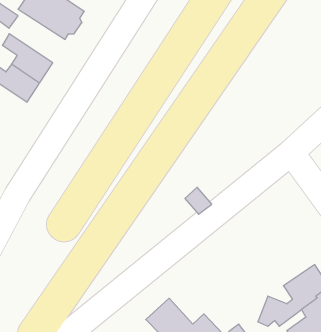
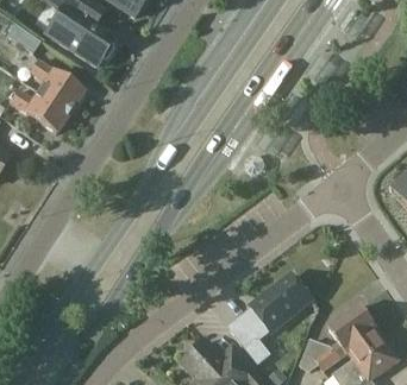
building: none -> [228,273,312,349]

